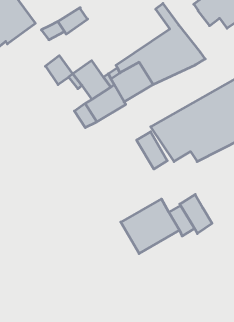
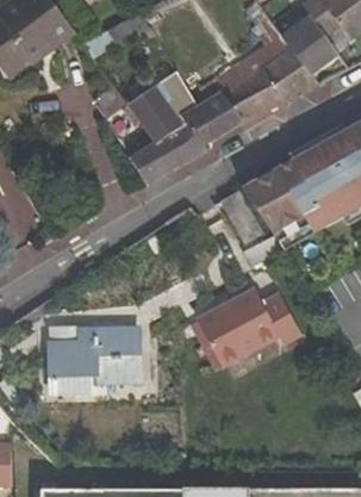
building: none -> [280,17,338,76]
building: [180,194,212,234] -> none
building: none -> [51,329,139,396]

